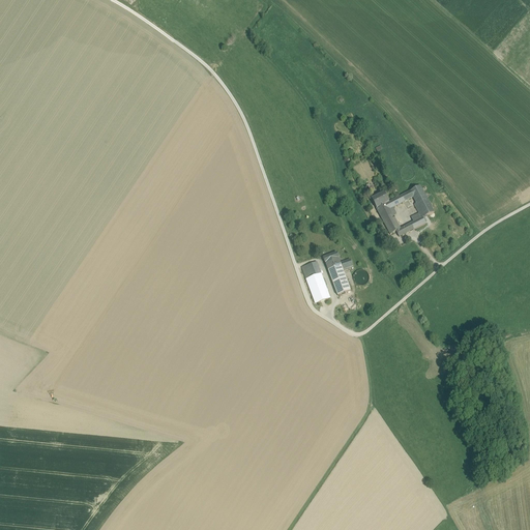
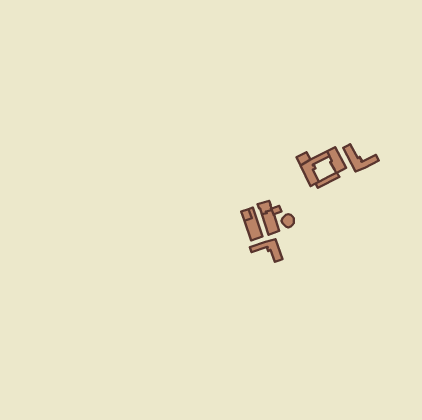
building: none -> [343,144,379,171]
building: none -> [250,239,283,262]

